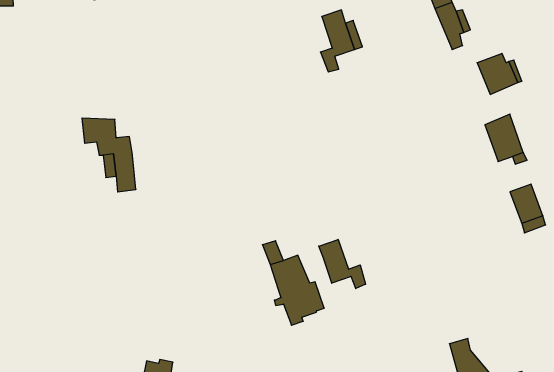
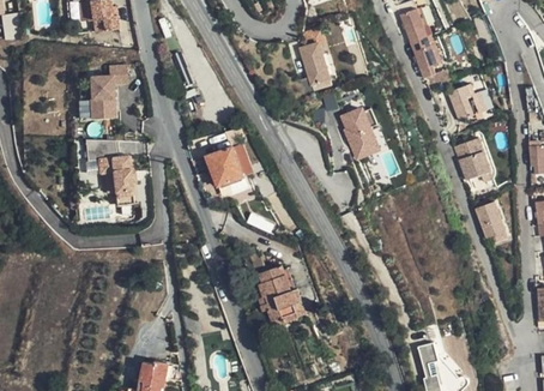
building: none -> [95,65,132,118]
building: none -> [339,104,385,161]
building: none -> [206,145,244,186]
building: [319,239,366,289] -> none

